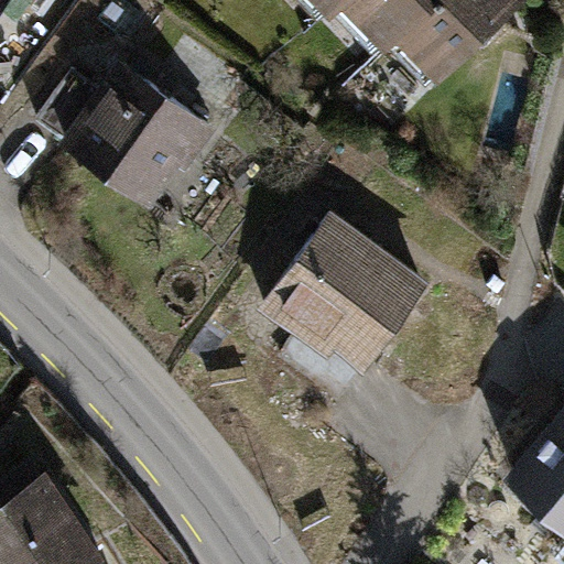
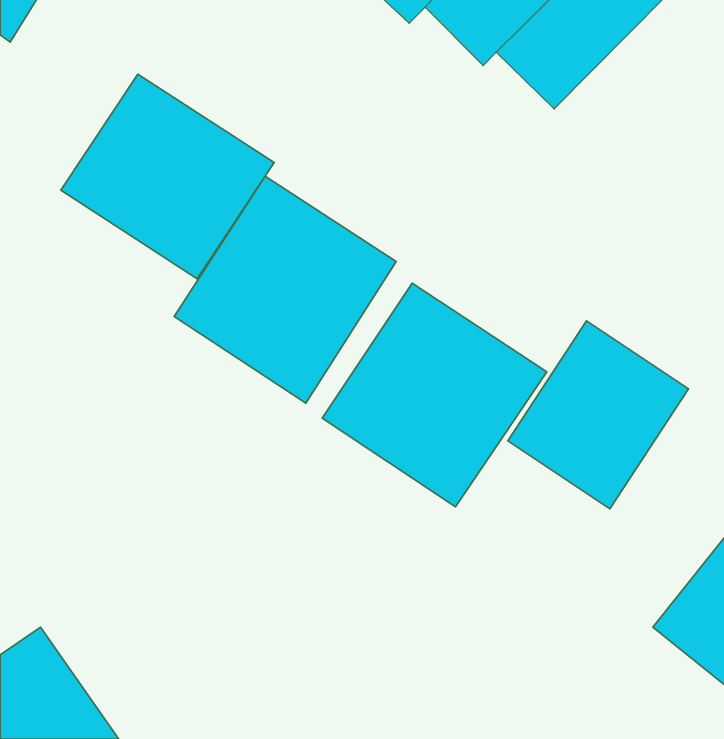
building: none -> [174,176,396,403]
building: none -> [508,321,689,509]

